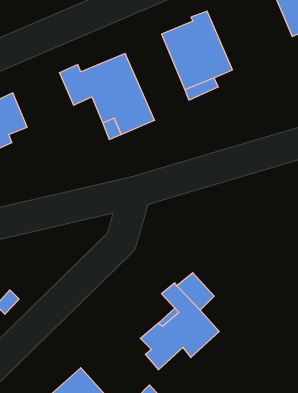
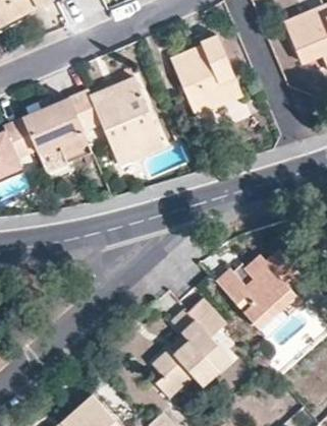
building: none -> [21,98,92,172]
building: none -> [216,249,301,336]

